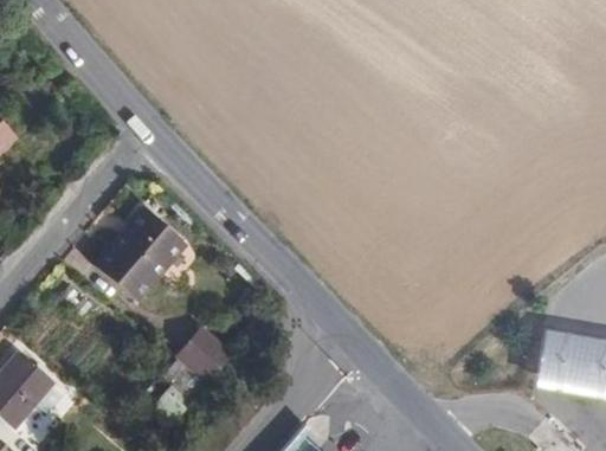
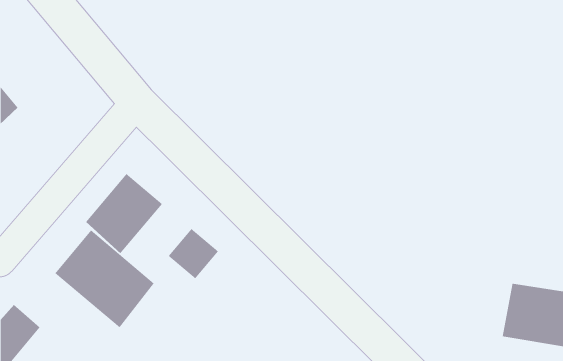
building: none -> [55,230,155,328]
building: [174,326,228,380] -> [168,228,219,279]

